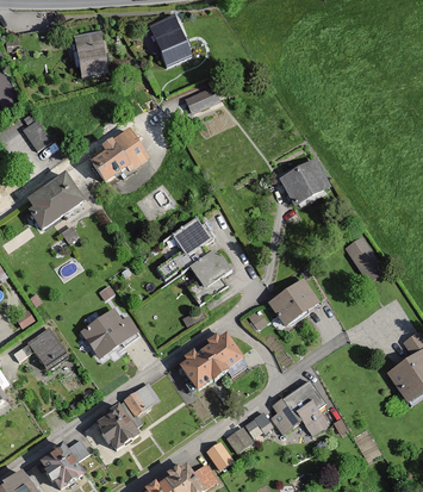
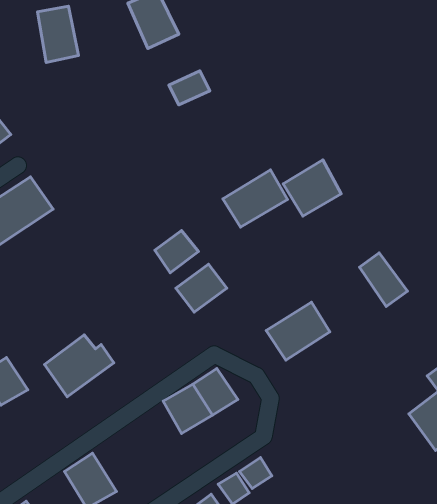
building: [91,129,148,185] -> none
building: none -> [223,170,287,227]
building: [269,379,329,434] -> none
building: [119,386,157,438] -> none

